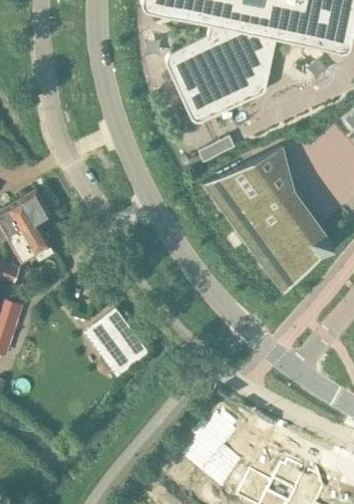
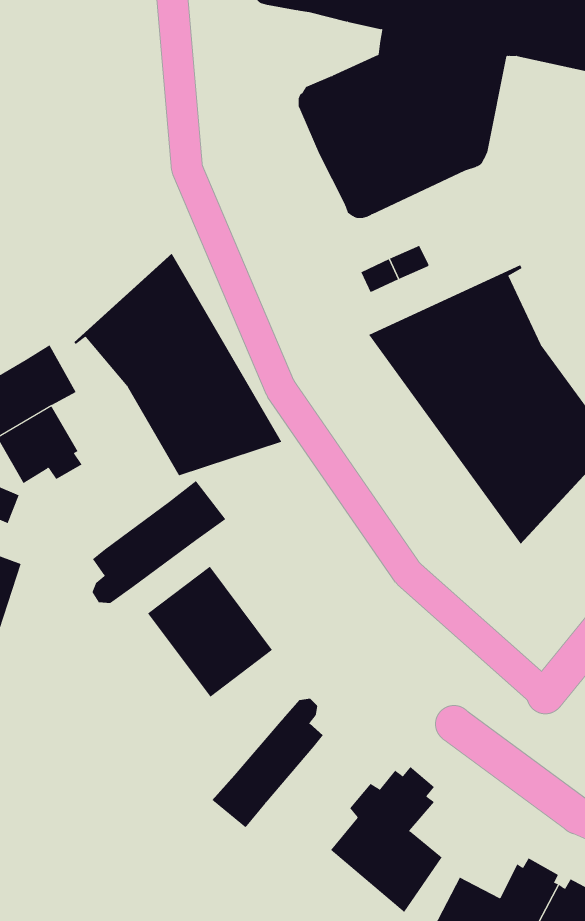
building: none -> [74,253,282,476]
building: none -> [92,480,226,604]
building: none -> [212,698,323,828]

